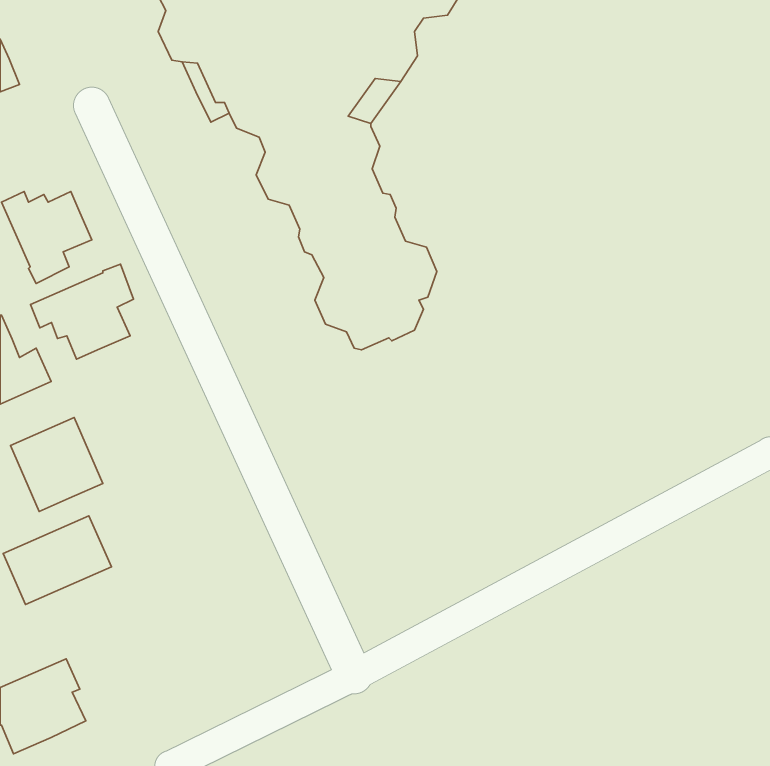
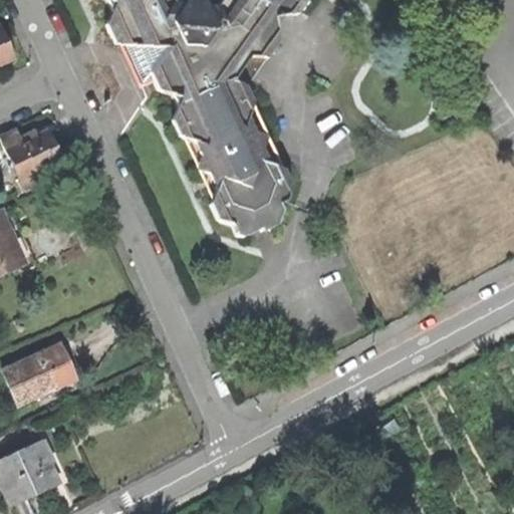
building: [30,264,133,359] -> none
building: [10,418,103,511] -> none

